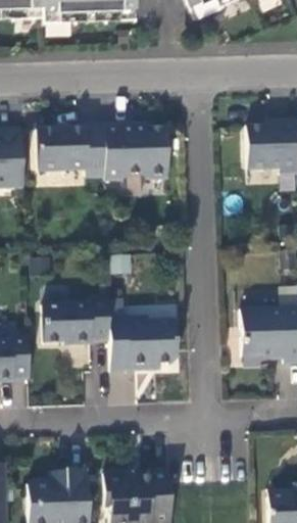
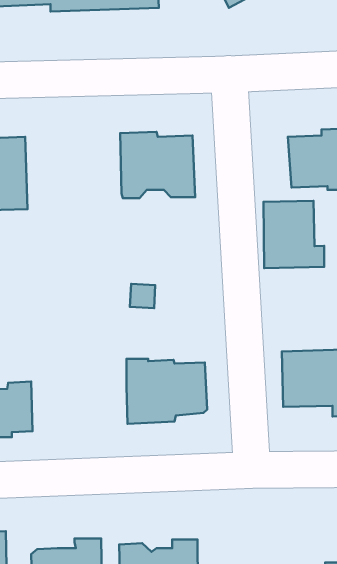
building: [38,125,105,177] -> none
building: none -> [264,201,324,268]
building: [44,296,109,343] -> none

